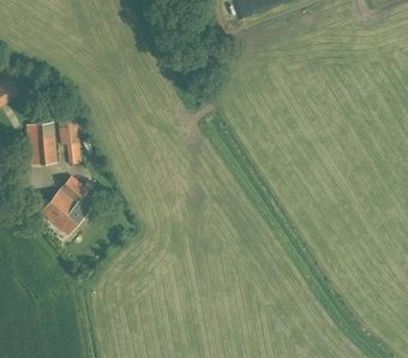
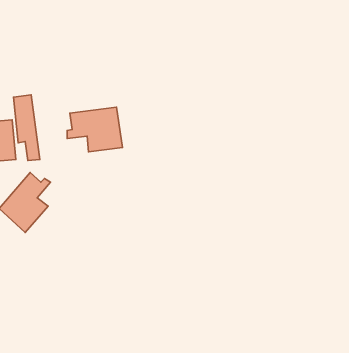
building: none -> [67,107,123,152]

